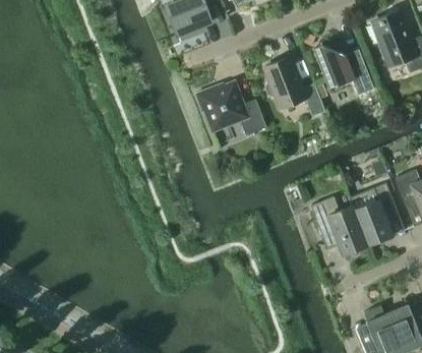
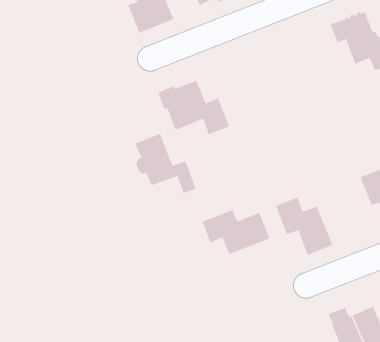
building: [316,44,373,93] -> none
building: [263,56,324,116] -> [135,133,197,194]
building: [350,183,396,244] -> none
building: none -> [202,209,270,255]

